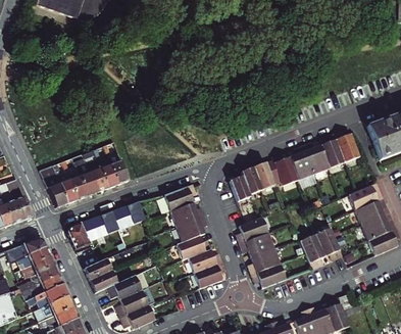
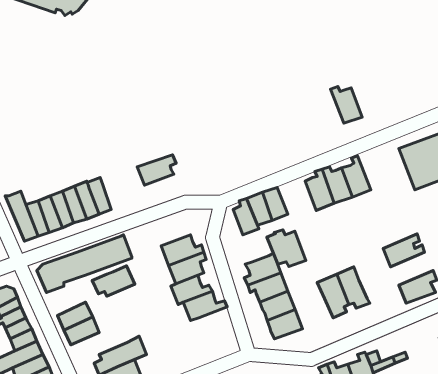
building: [333,131,359,161] -> [330,87,362,123]
building: [265,153,298,184] -> [267,230,306,267]
building: [162,183,195,208] -> [137,155,176,185]
building: [348,184,383,210] -> none
building: [360,213,396,241] -> none
building: [193,259,225,286] -> none
building: [104,274,140,299] -> [92,266,135,296]

